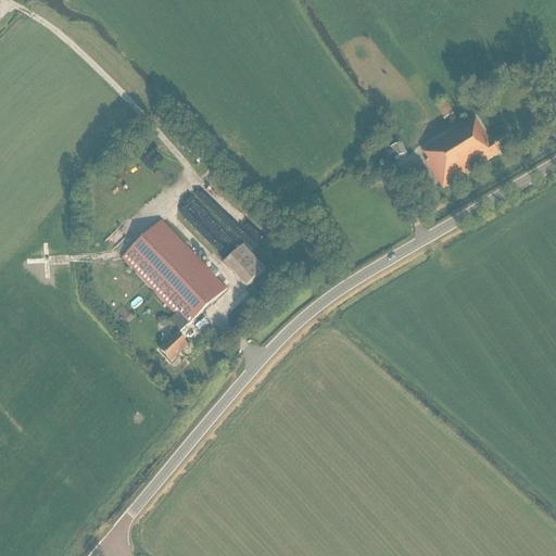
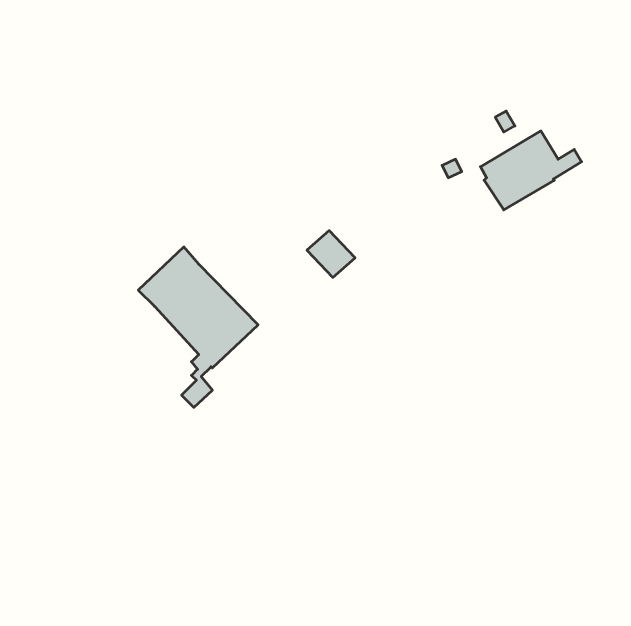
building: [223,242,265,283] -> [307,231,355,277]

